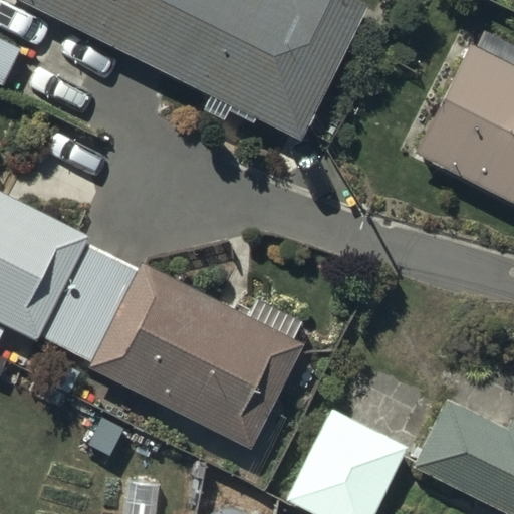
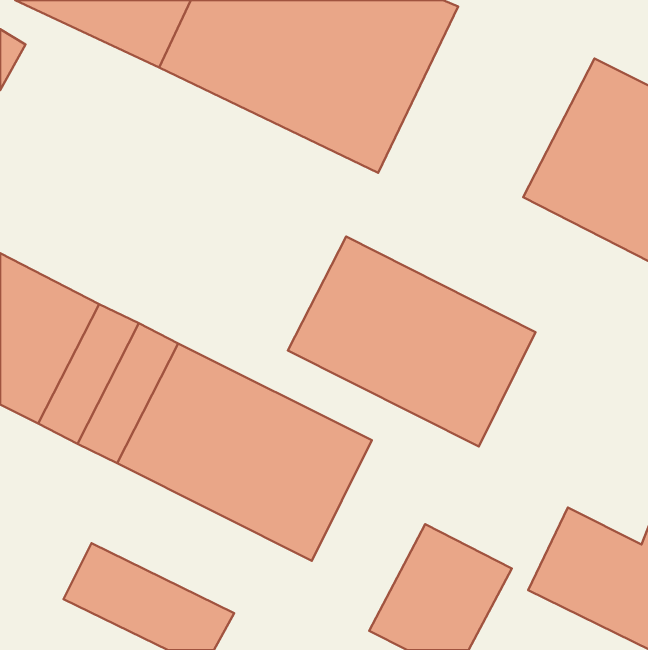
building: none -> [288,236,536,447]

